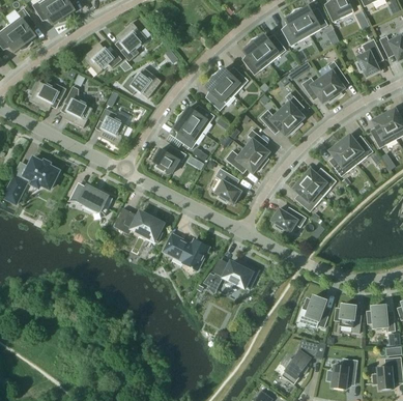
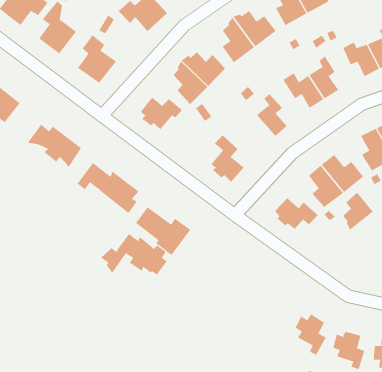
building: [225,148,261,173] -> none
building: none -> [342,192,374,231]
building: [202,260,255,294] -> [100,233,167,275]

